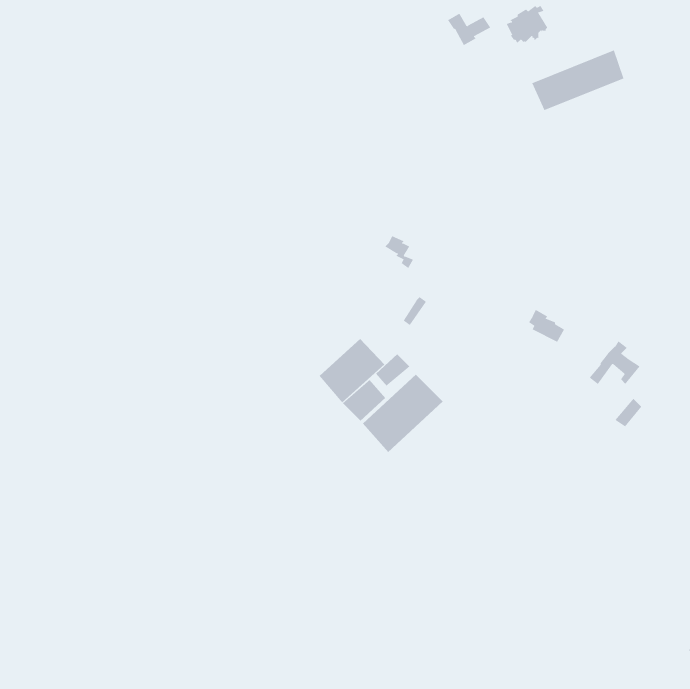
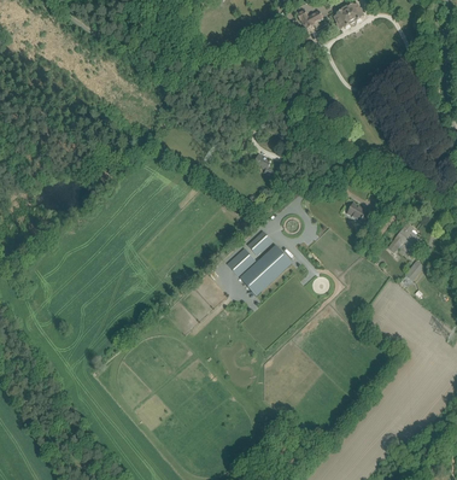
building: [531,50,624,111] -> none
building: [319,338,385,403] -> none

